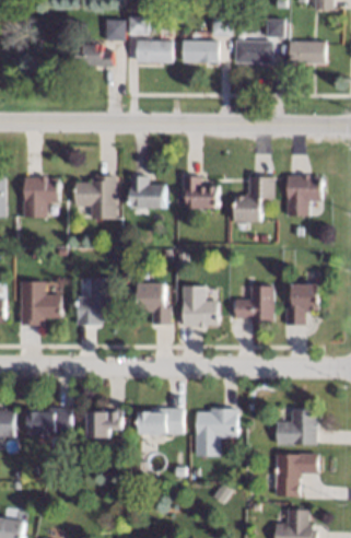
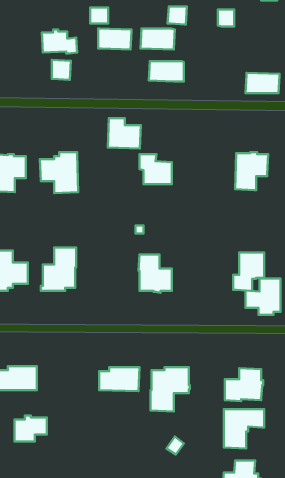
building: [106,19,127,40] -> [52,60,71,80]
building: [236,40,274,62] -> [149,61,184,81]
building: [290,40,327,62] -> [245,73,280,93]
building: [129,176,165,209] -> [108,118,141,148]
building: [235,177,274,222] -> none
building: [138,283,171,324] -> none
building: [235,285,273,325] -> [245,279,281,315]
building: [87,408,122,436] -> [15,415,47,442]

